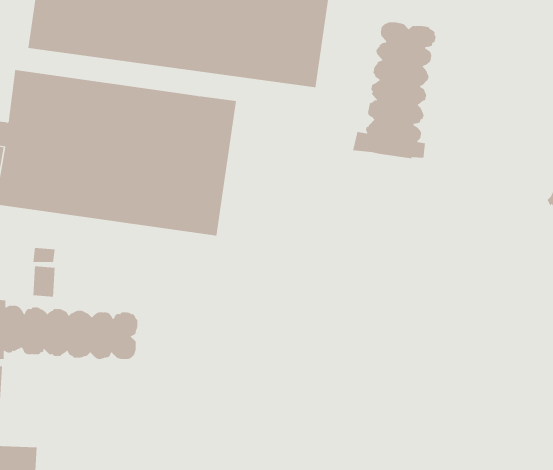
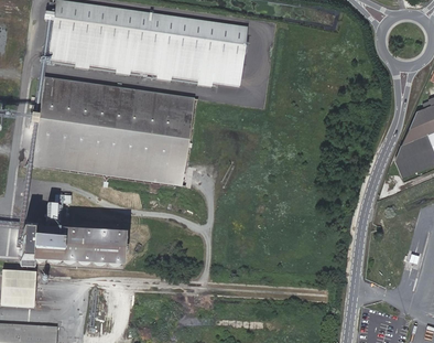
building: [353,22,436,159] -> none

